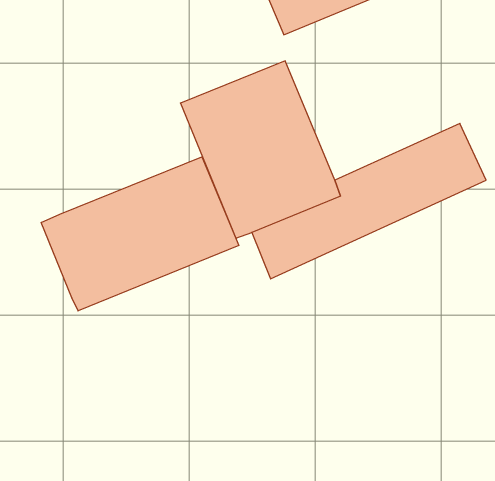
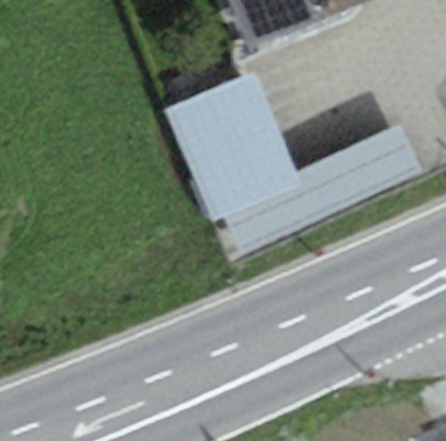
building: [41,157,239,311] -> none

